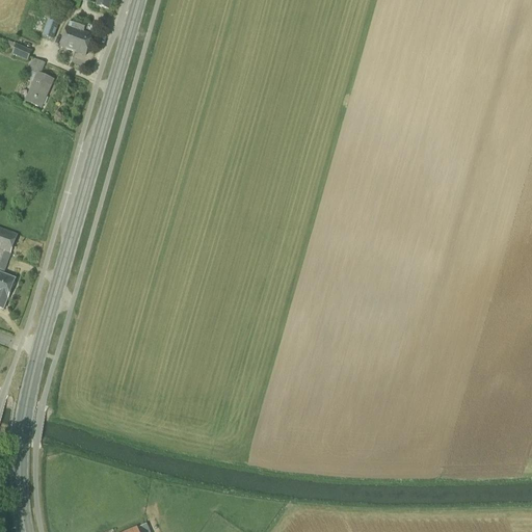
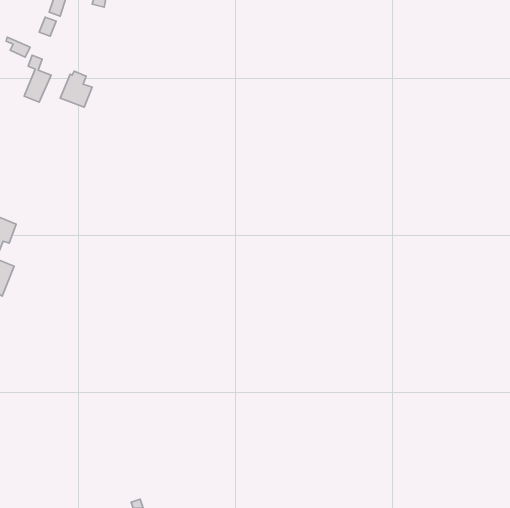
building: [59,17,92,54] -> [60,71,92,107]

